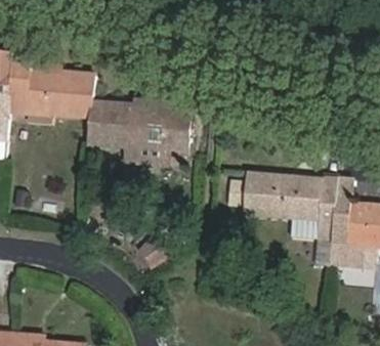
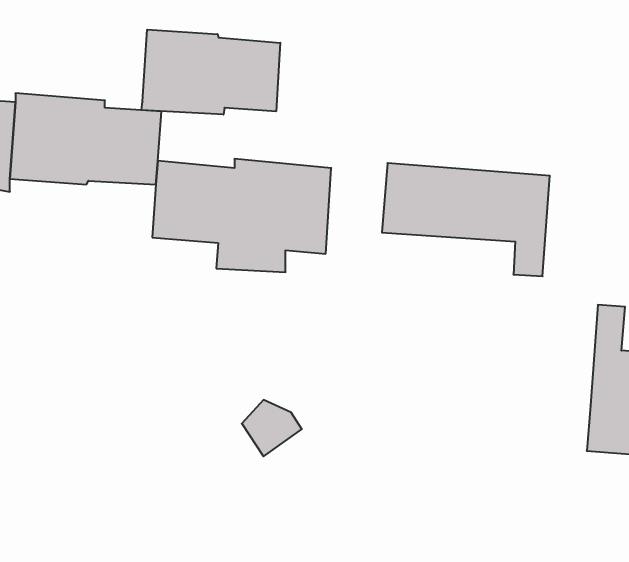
building: none -> [141,30,280,115]
building: [245,174,339,237] -> [382,163,550,276]

